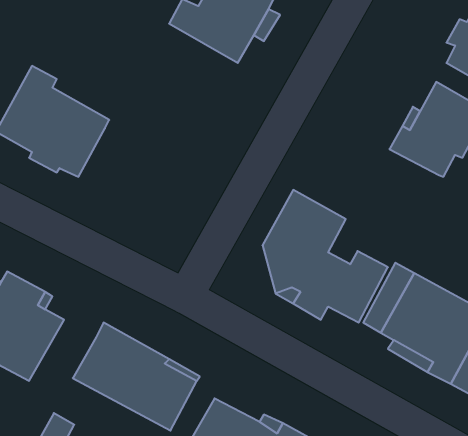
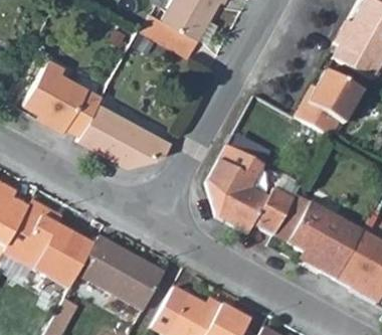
building: none -> [79,102,172,166]
building: none -> [47,233,93,288]

